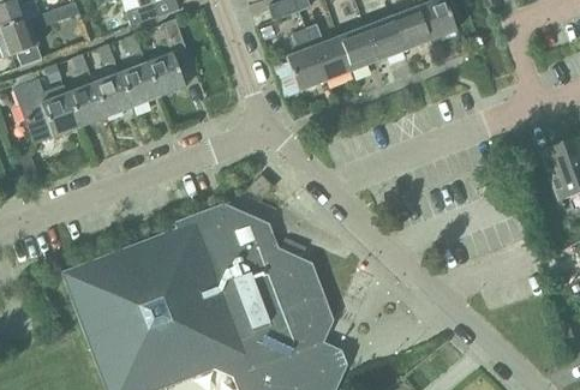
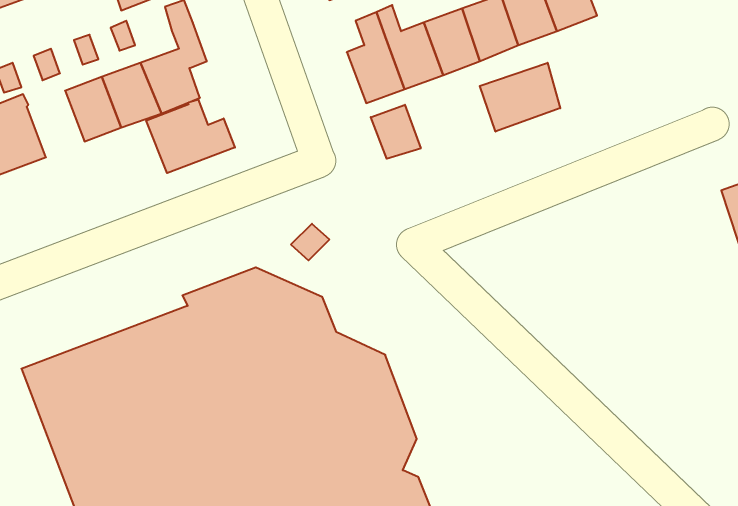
building: none -> [480,63,560,132]
building: [66,80,106,126] -> none
building: none -> [146,100,235,173]
building: none -> [371,105,421,159]

